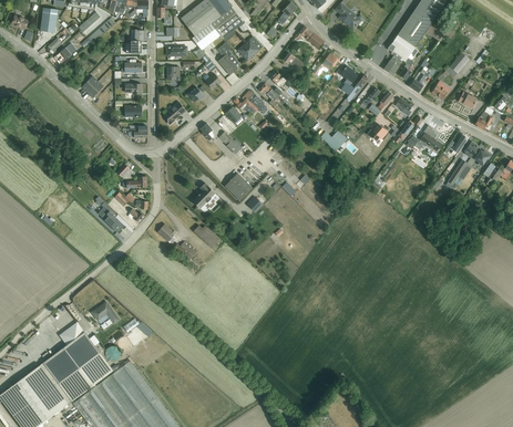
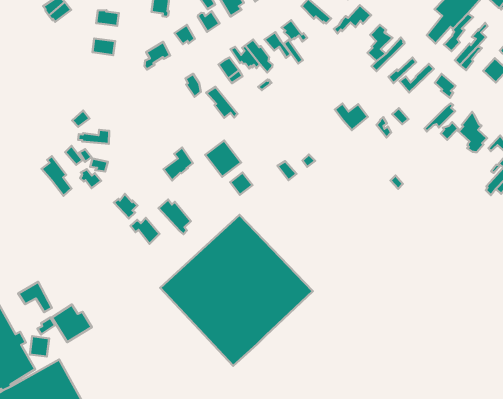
building: none -> [160,215,313,366]

